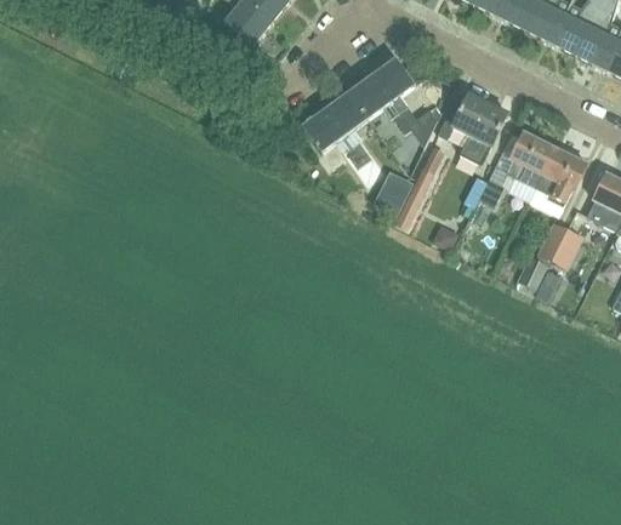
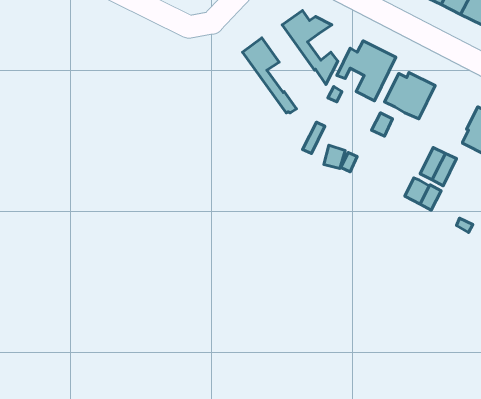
building: [347,74,410,133] -> none
building: [300,107,376,186] -> none
building: [535,147,586,201] -> none
building: [375,172,412,215] -> none

